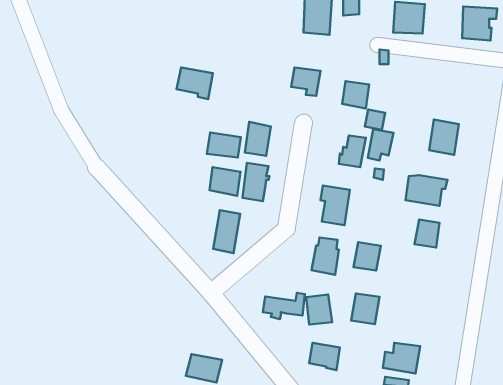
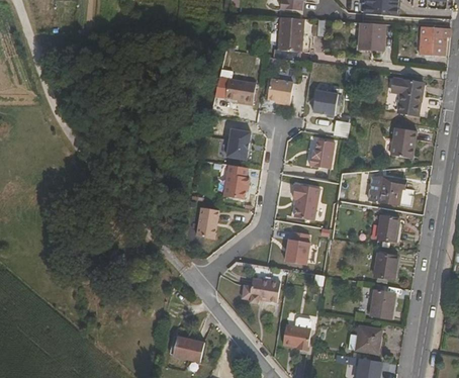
building: none -> [391,77,424,114]
building: [176,68,213,99] -> [222,79,255,107]
building: [368,129,394,160] -> none
building: [207,133,241,157] -> none
building: [210,167,240,196] -> none
building: [354,242,381,271] -> [374,253,398,278]
building: [351,293,379,324] -> [370,290,395,317]
building: [306,295,332,325] -> none

